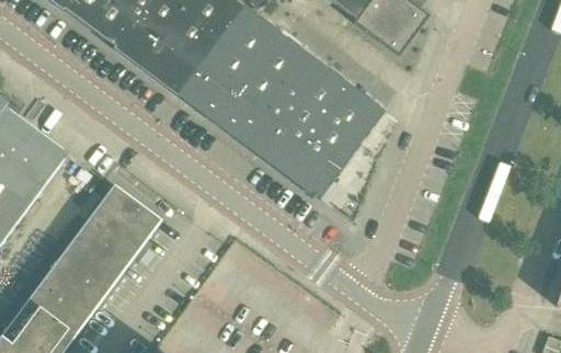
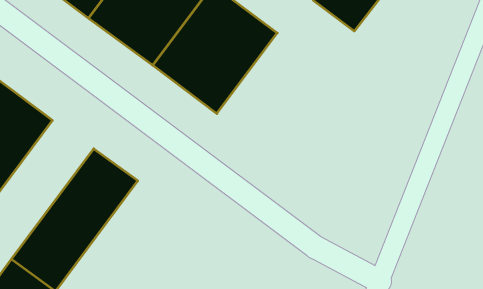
building: [248,57,383,197] -> none

